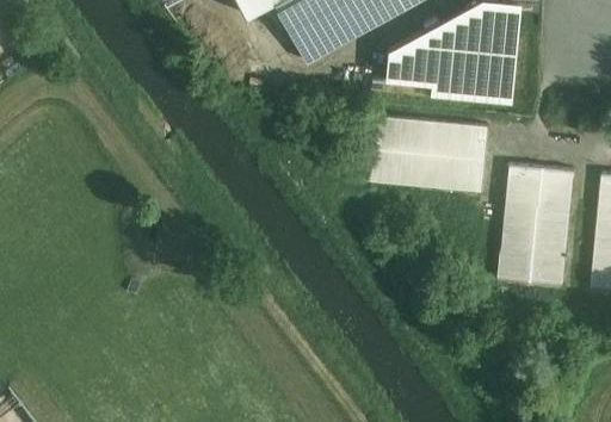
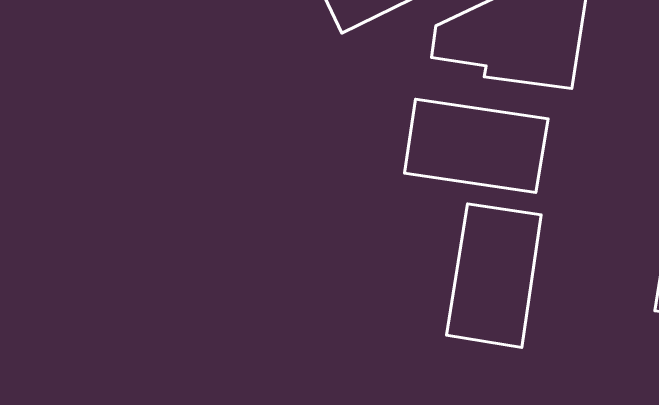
building: [499,165,575,286] -> [447,204,541,347]

